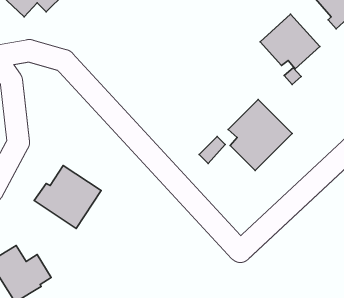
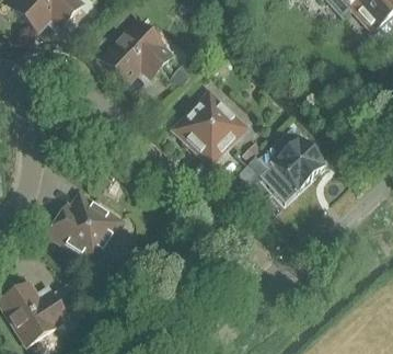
building: none -> [101,21,171,82]
building: [260,14,320,69] -> none
building: none -> [174,93,244,162]

